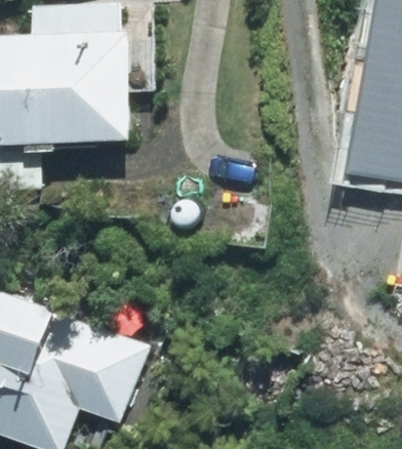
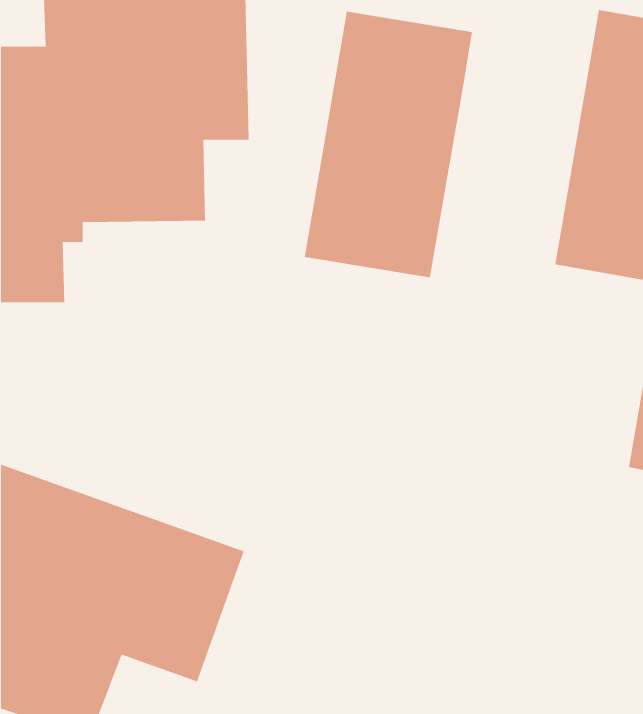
building: none -> [304,11,472,278]

